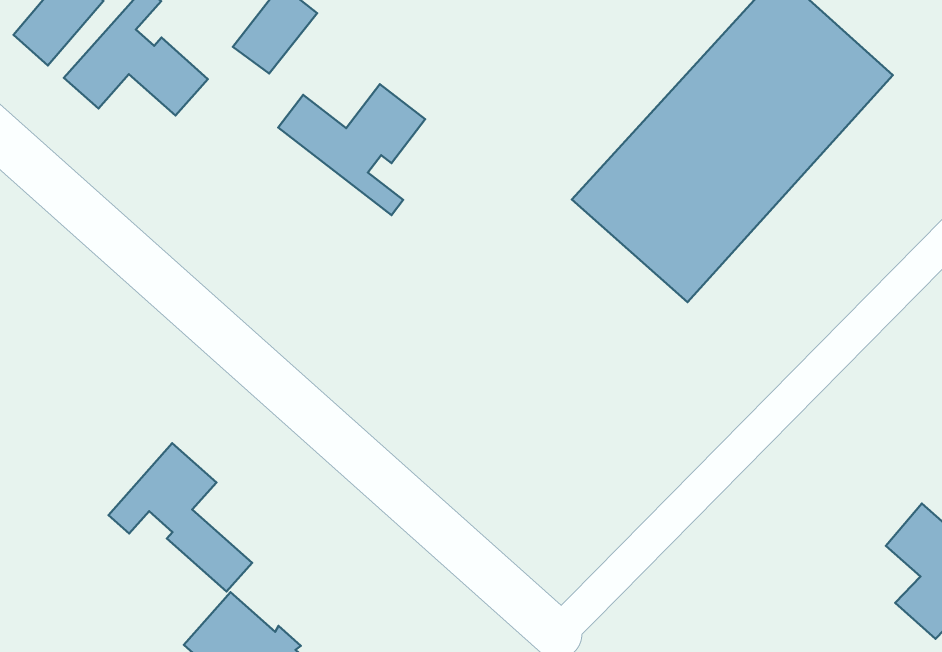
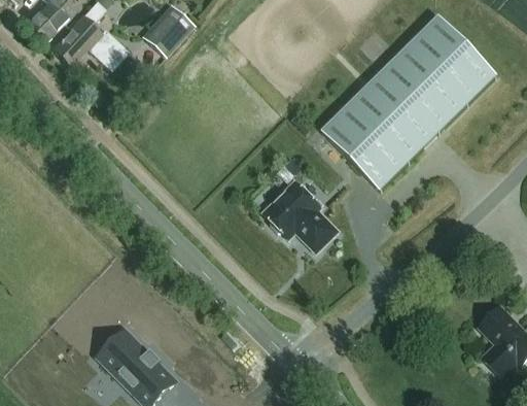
building: [278,84,425,215] -> none
building: none -> [261,179,339,251]
building: [108,443,252,592] -> none

